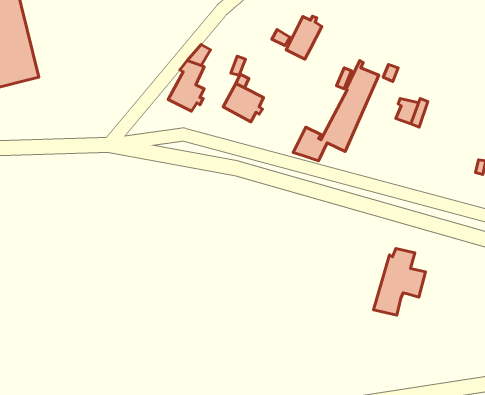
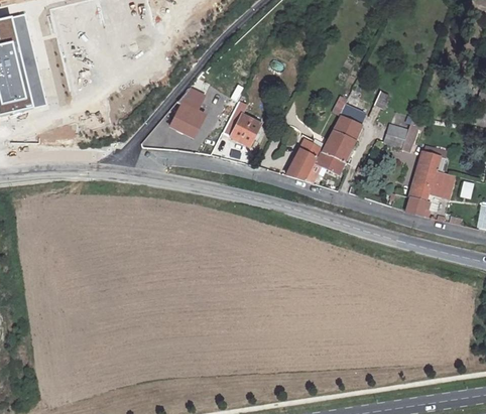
building: [286,16,322,59] -> none
building: [373,248,425,315] -> [405,152,455,216]

